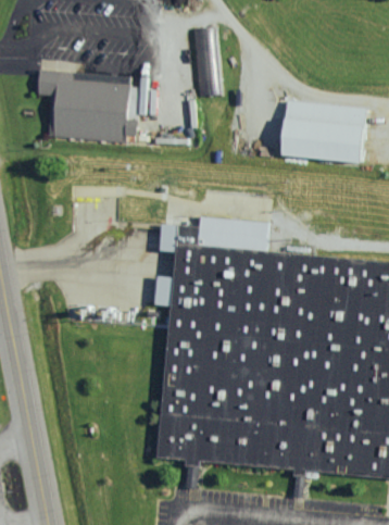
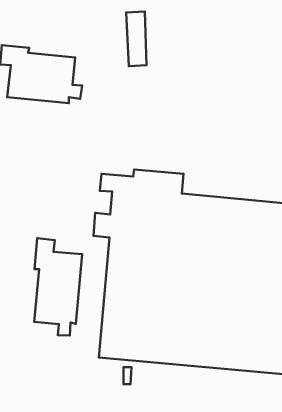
building: [289,101,373,162] -> none
building: none -> [34,238,82,336]

